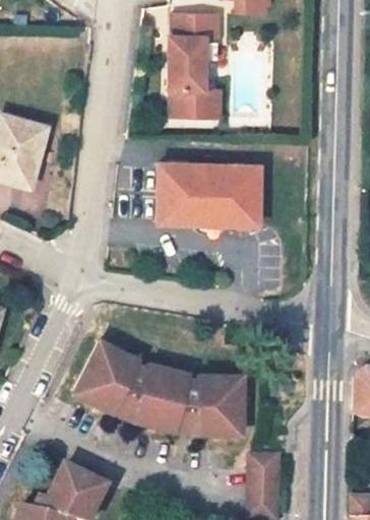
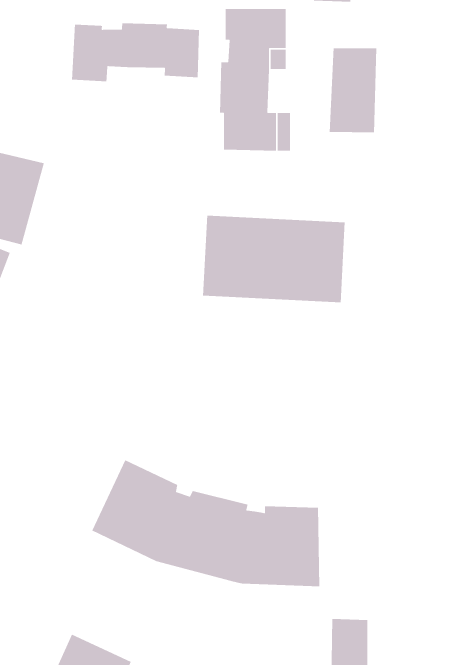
building: none -> [71,22,200,82]
building: none -> [329,47,377,133]

